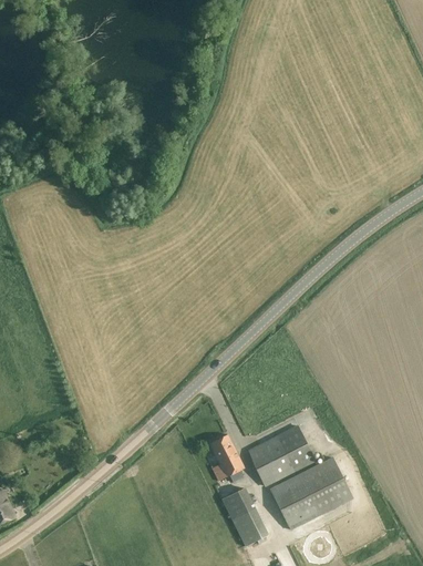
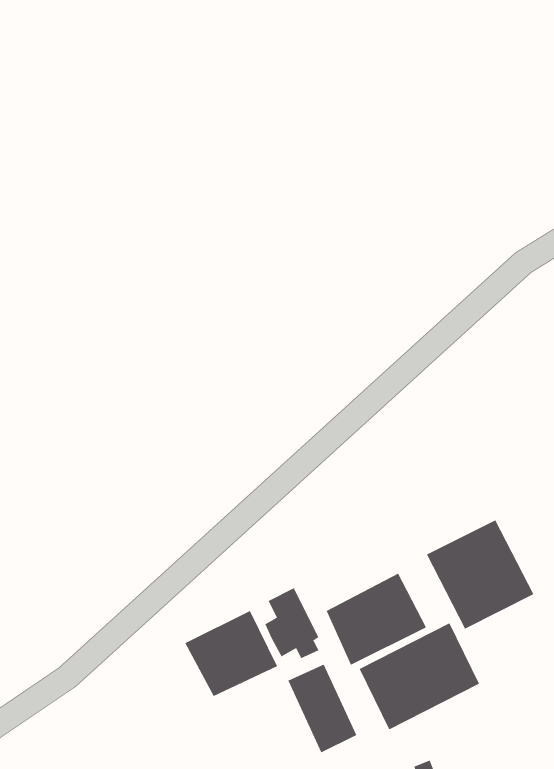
building: none -> [426,519,534,629]
building: none -> [184,610,278,697]

